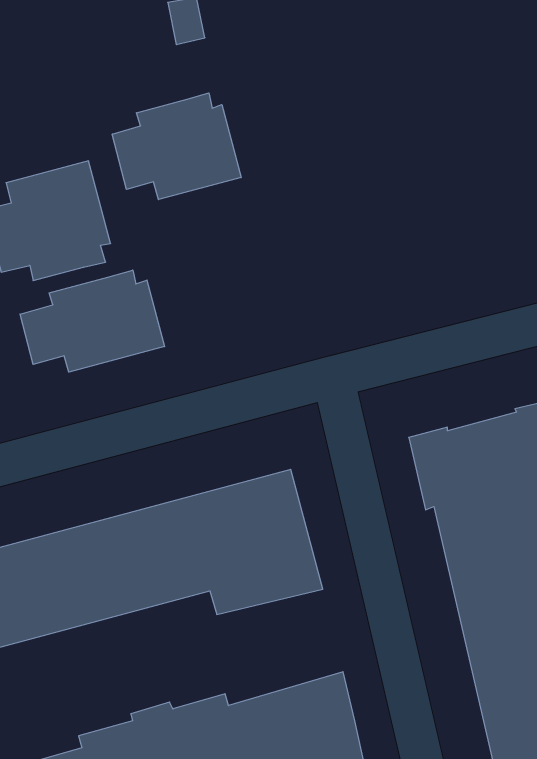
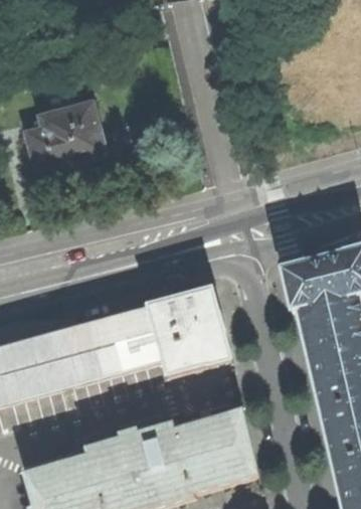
building: [112,93,241,200] -> none
building: [20,270,165,372] -> none

